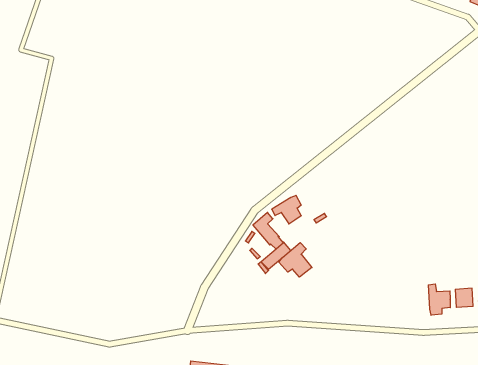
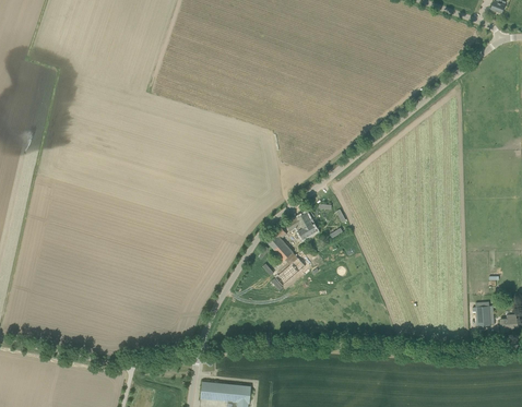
building: [279,243,312,277] -> none
building: [428,284,450,315] -> none

